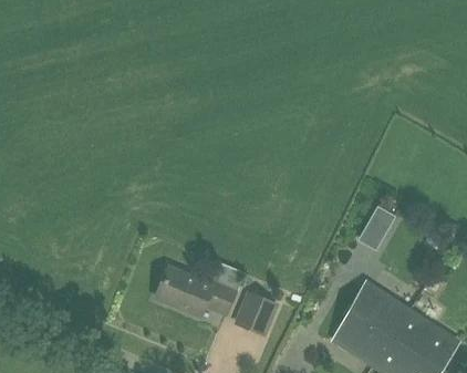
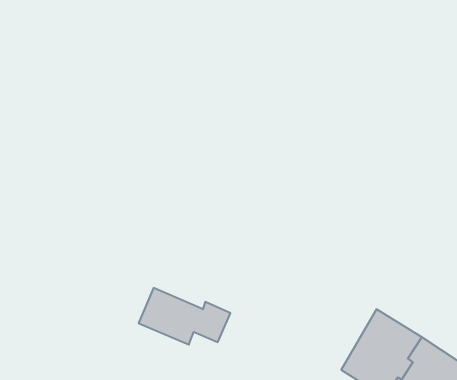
building: [357,206,396,250] -> none
building: [236,291,277,333] -> none

